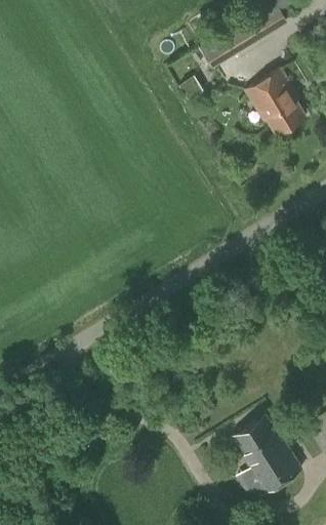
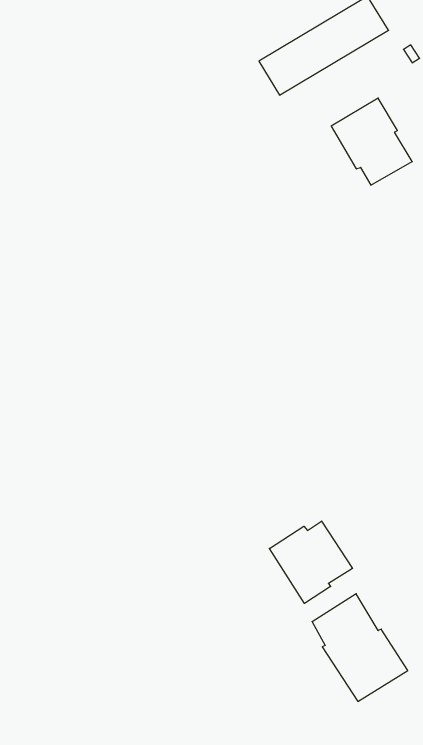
building: none -> [269,521,353,603]

